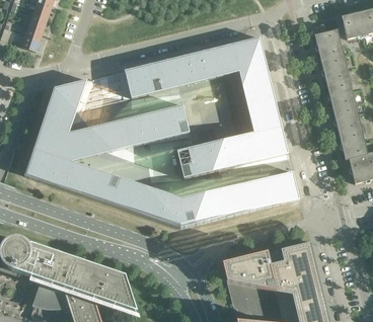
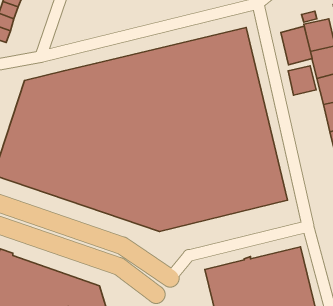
building: none -> [281,26,312,65]
building: none -> [288,66,316,95]

